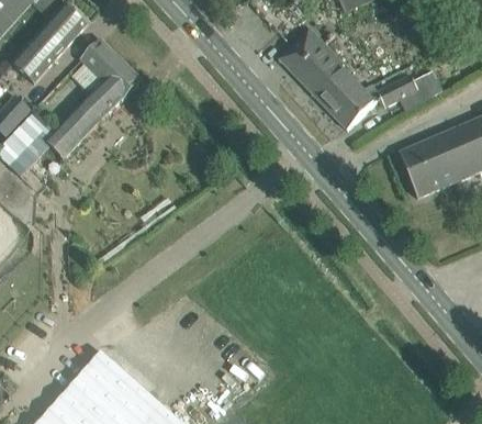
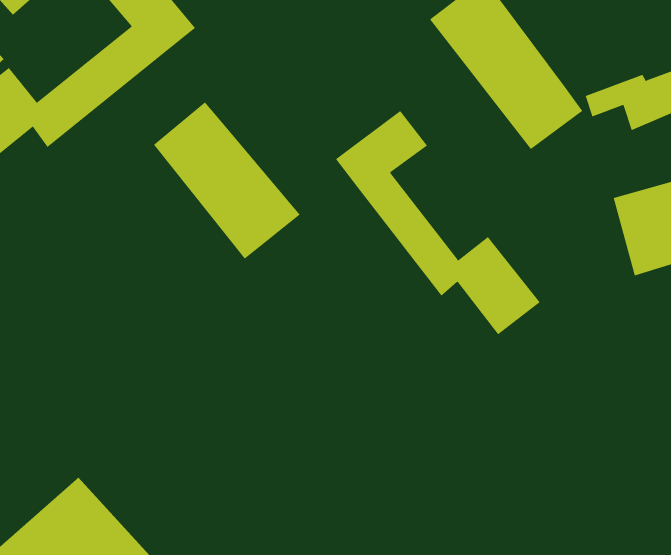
building: none -> [335,110,541,335]
building: none -> [153,101,301,260]

